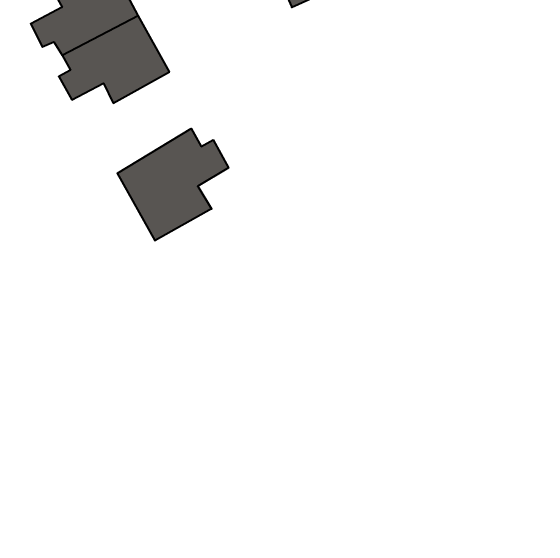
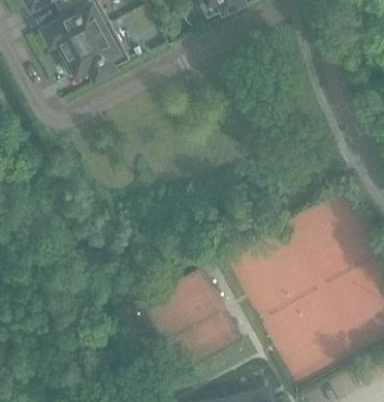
building: [117,129,228,241] -> none

